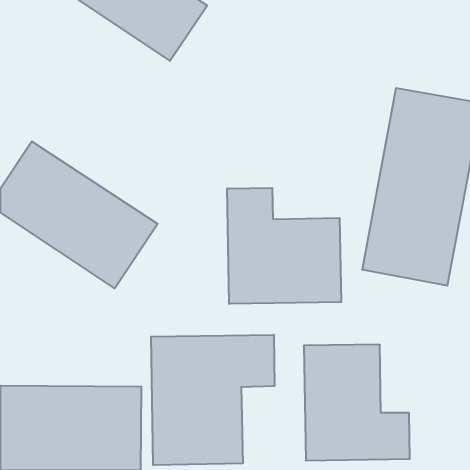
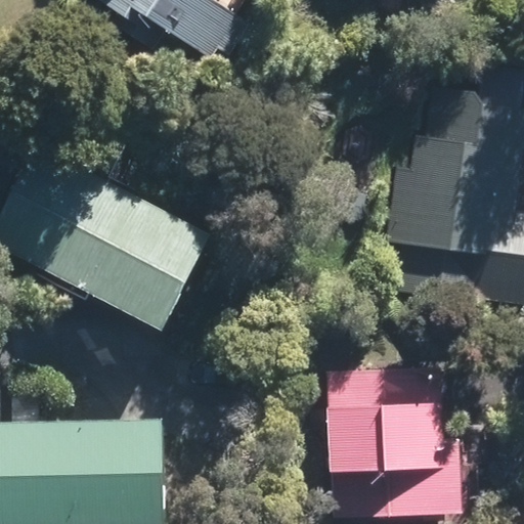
building: [227,188,341,304] -> none
building: [151,335,274,465] -> none

